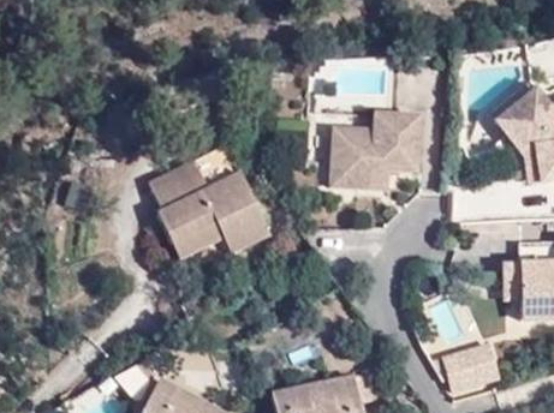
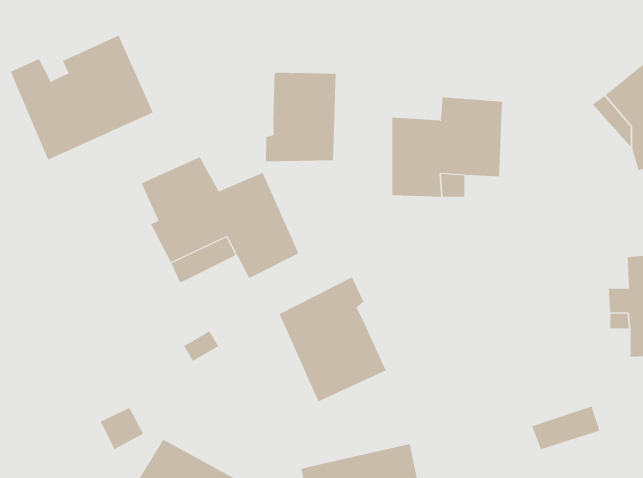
building: none -> [10,35,154,161]
building: none -> [265,72,336,162]
building: none -> [279,276,386,402]

